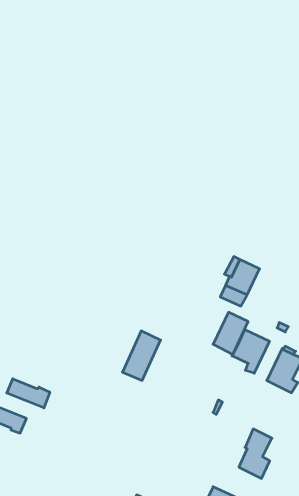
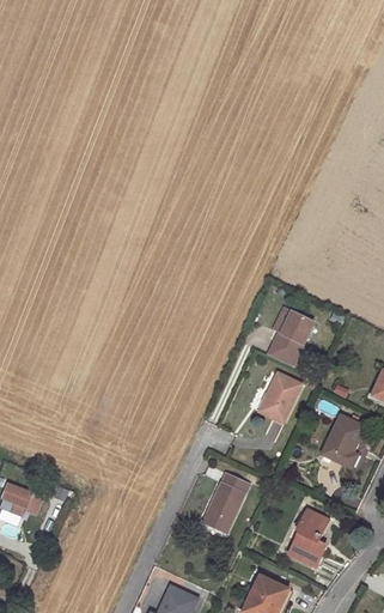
building: [232,329,269,373] -> none
building: [122,331,161,380] -> [203,474,248,532]
building: [7,379,50,408] -> none

